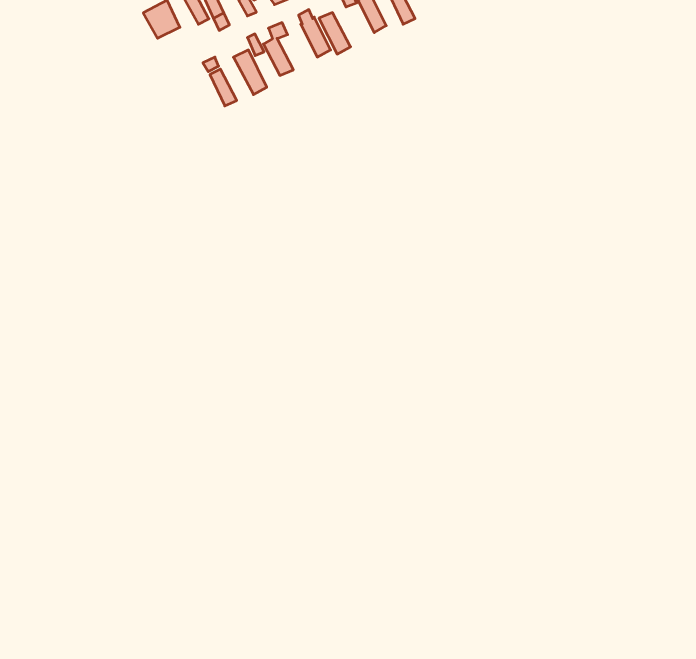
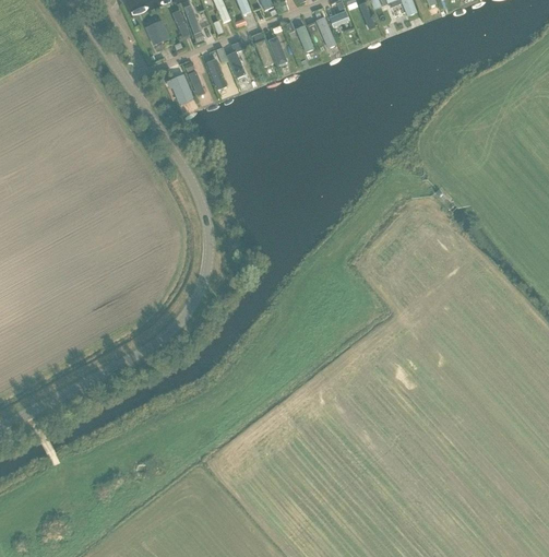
building: none -> [165,71,192,102]

